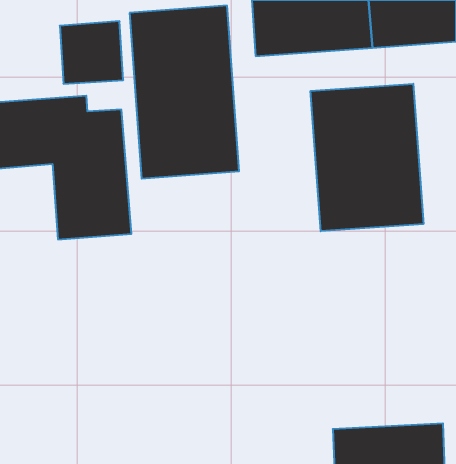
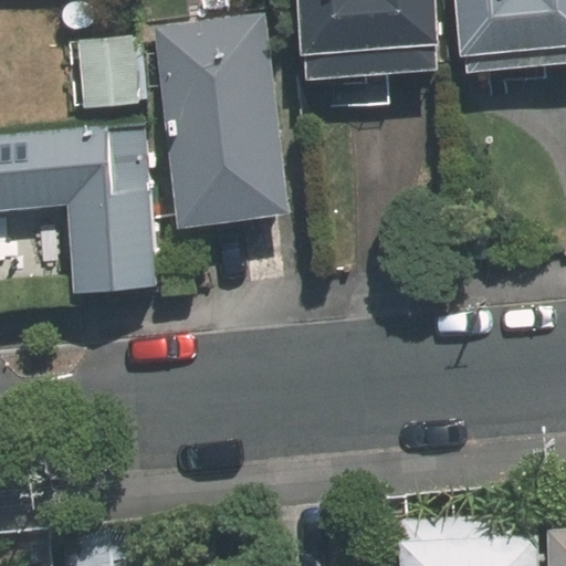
building: [311,84,423,231] -> none

